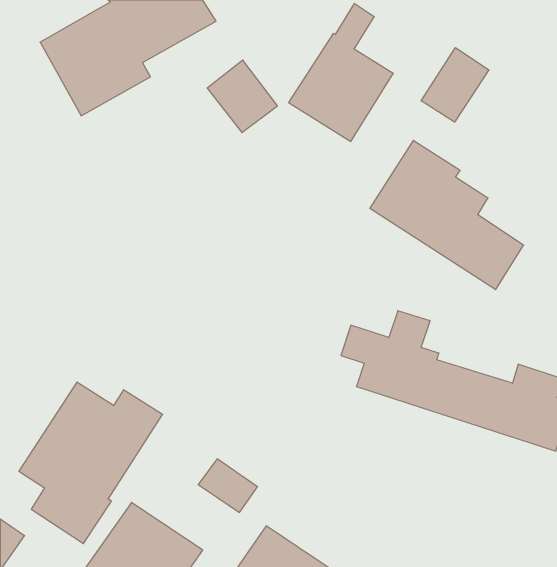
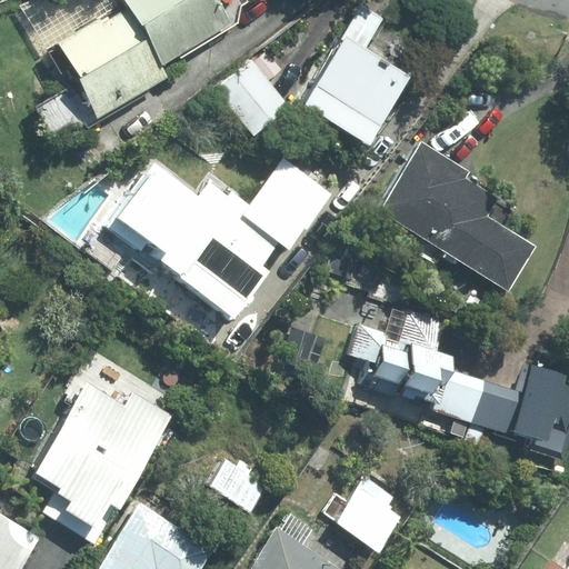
building: [421,48,489,122] -> none
building: none -> [106,159,333,317]
building: none -> [335,477,402,552]

